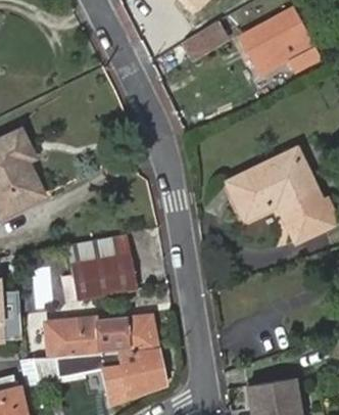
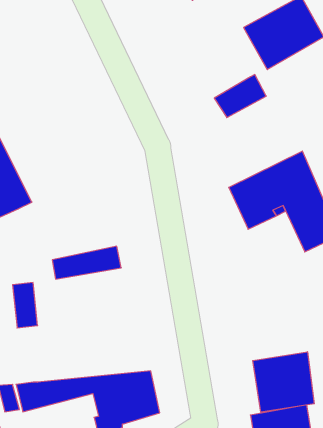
building: [182,22,229,61] -> [214,75,266,118]
building: [70,253,137,299] -> none
building: [47,314,156,357] -> none
building: none -> [253,352,314,412]

